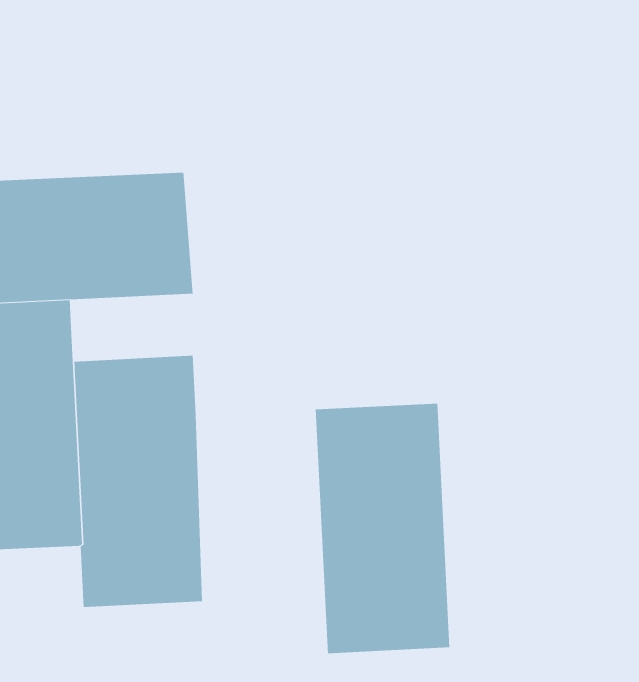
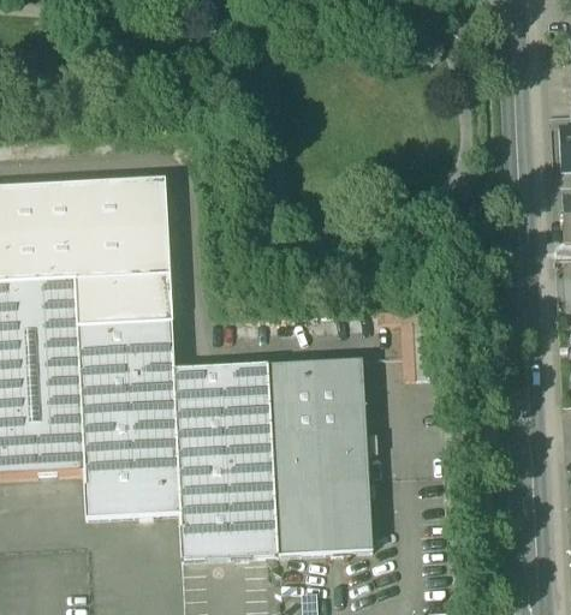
building: none -> [76,273,172,326]
building: none -> [174,363,276,560]

